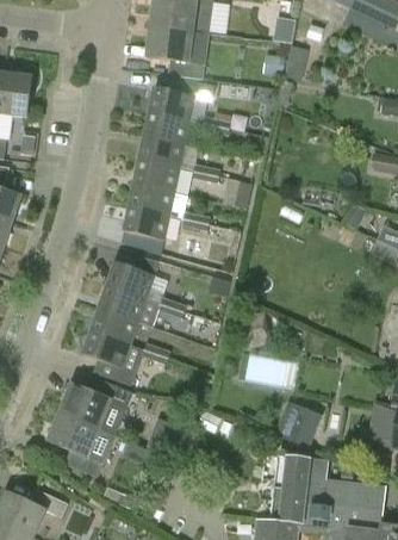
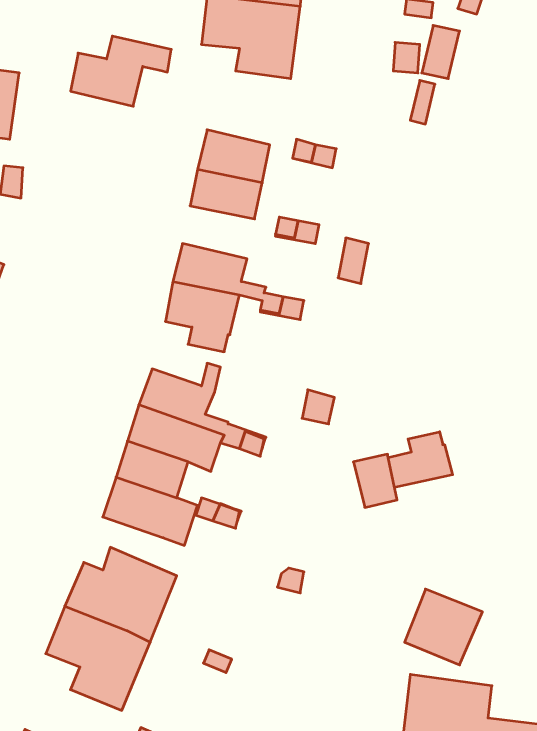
building: [150,77,213,122] -> [71,36,171,106]
building: [135,160,180,193] -> none
building: none -> [388,432,453,488]

